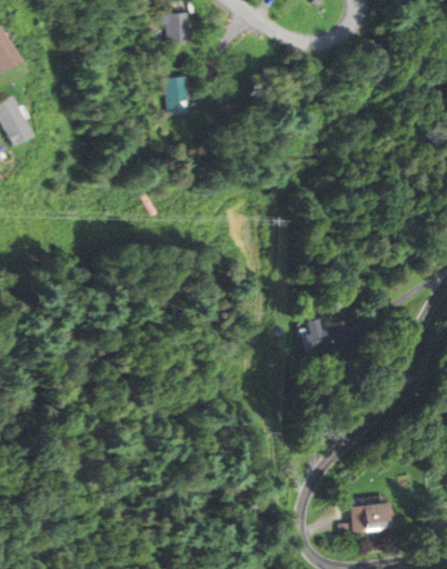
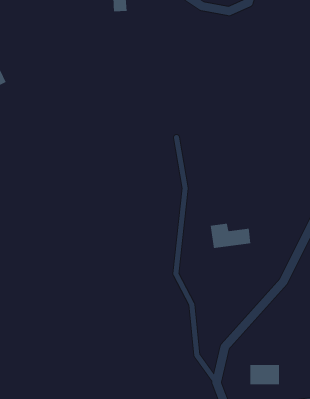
building: [168,76,192,113] -> none

